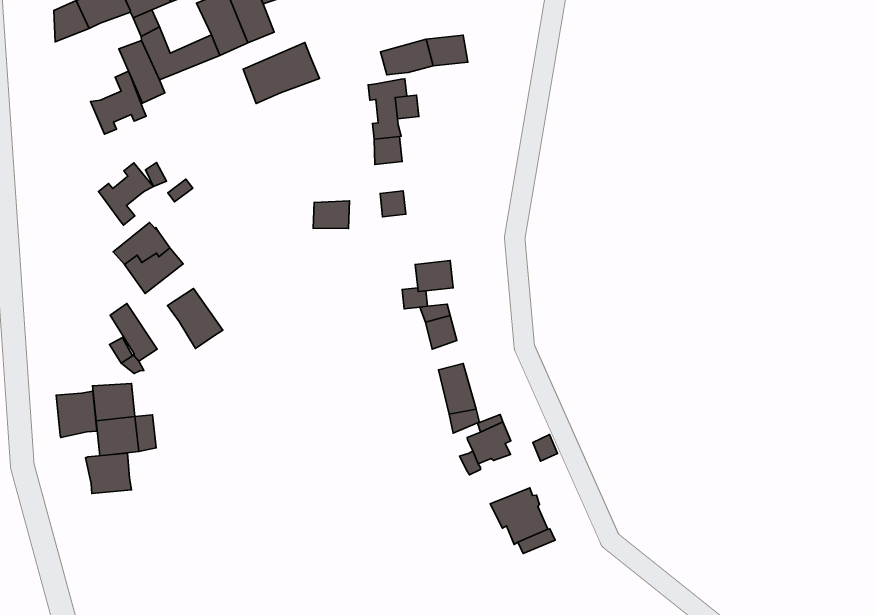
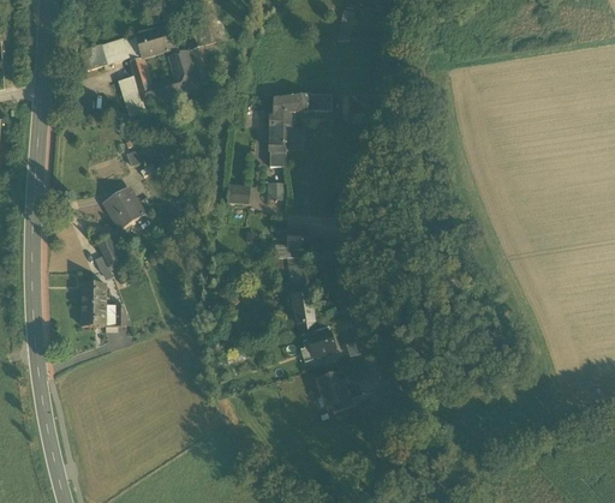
building: [243,42,320,104] -> none
building: [90,71,146,134] -> none
building: [98,163,153,225] -> none
building: [167,289,223,348] -> none
building: [56,391,97,437] -> none
building: [86,453,131,494] -> none

